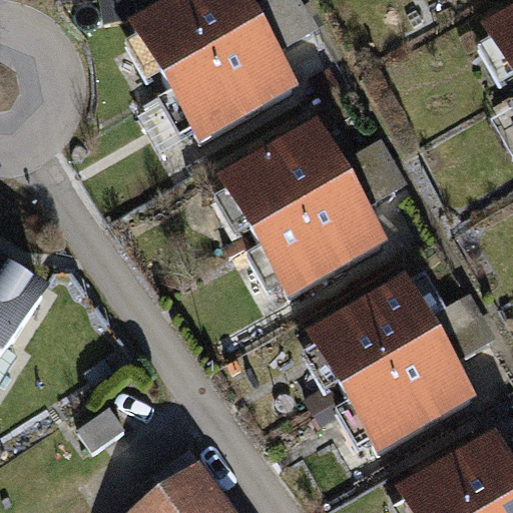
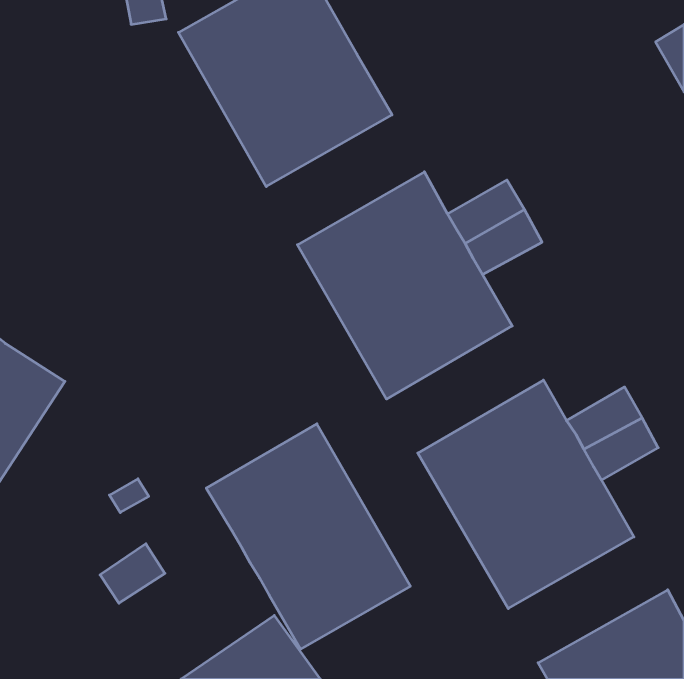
building: none -> [206,424,410,649]

